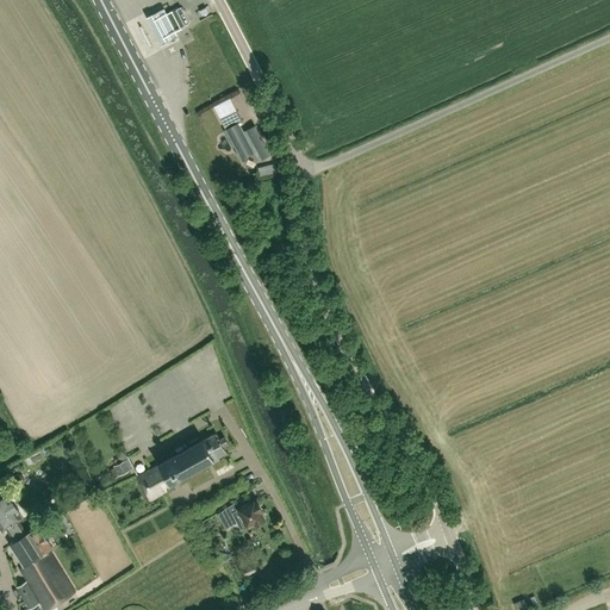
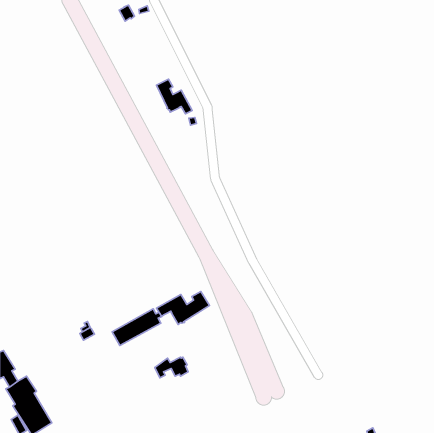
building: none -> [157,292,210,325]
building: [137,467,168,503] -> none

